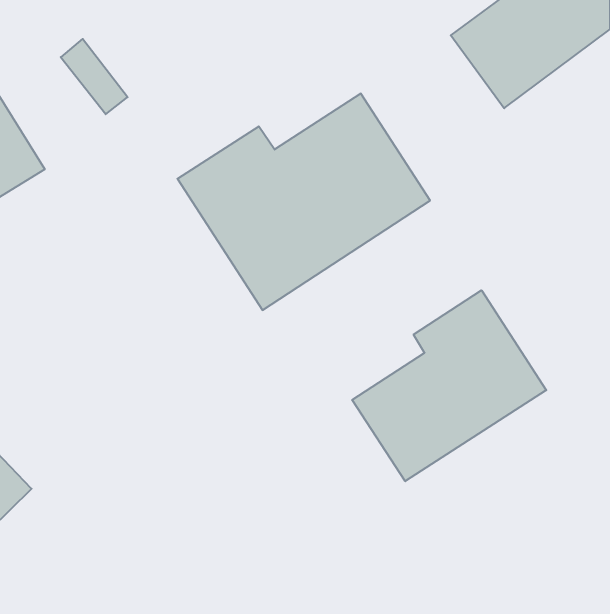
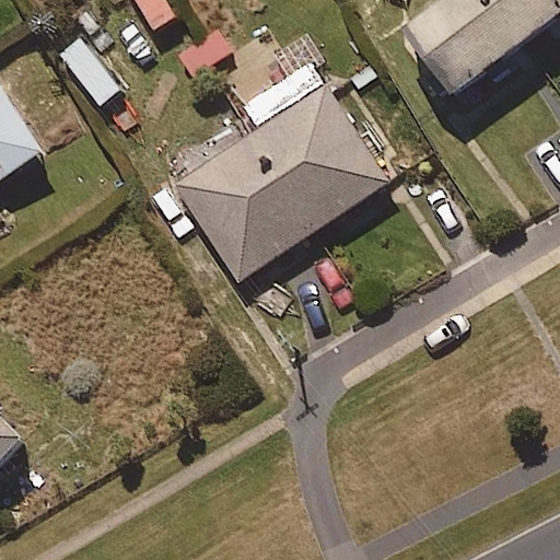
building: [352,290,546,481] -> none

